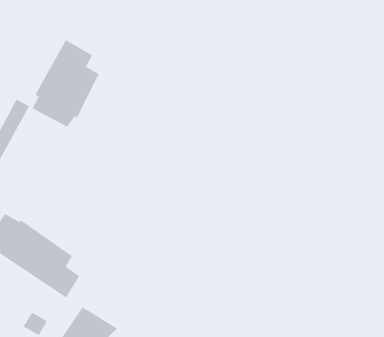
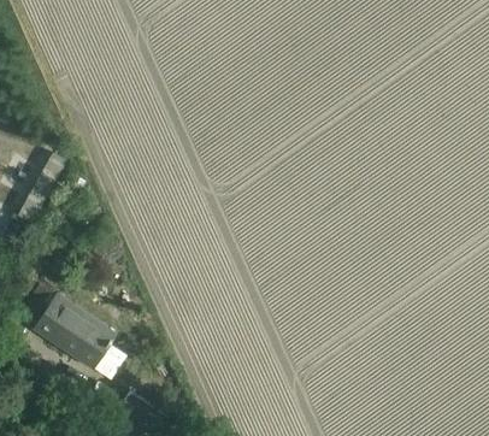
building: [32,39,100,128] -> none

